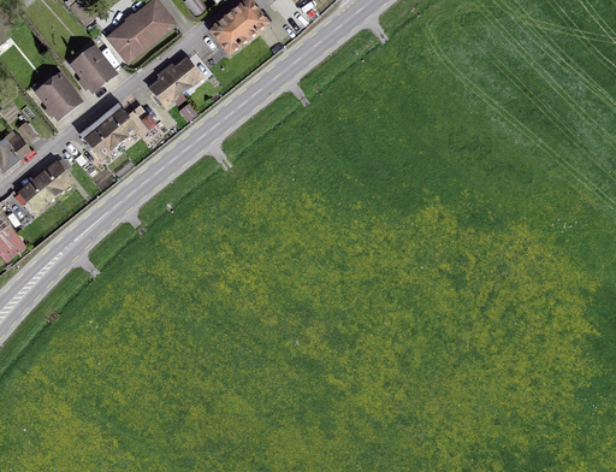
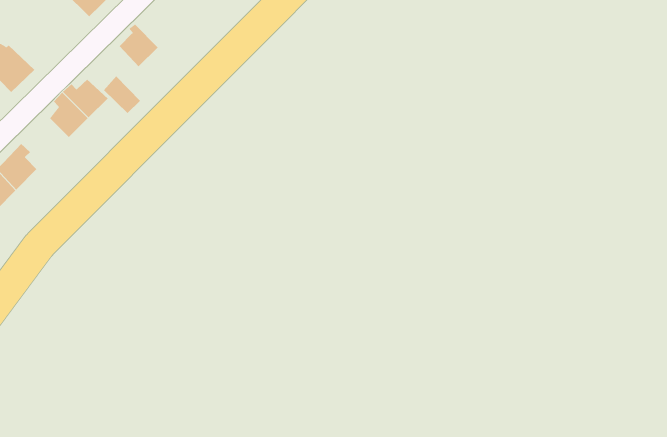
building: [72,47,113,88] -> none
building: [165,57,200,90] -> none

